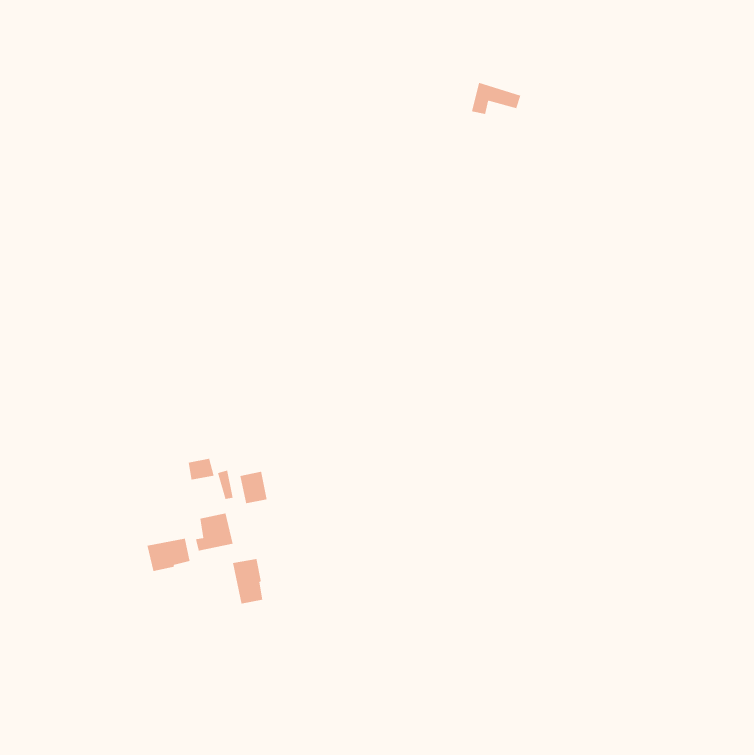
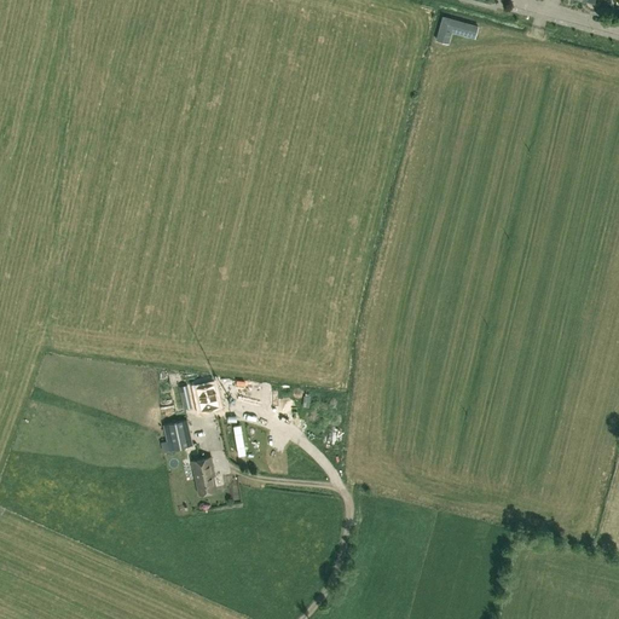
building: [471,82,521,115] -> [435,16,476,42]
building: [147,538,190,572] -> none

